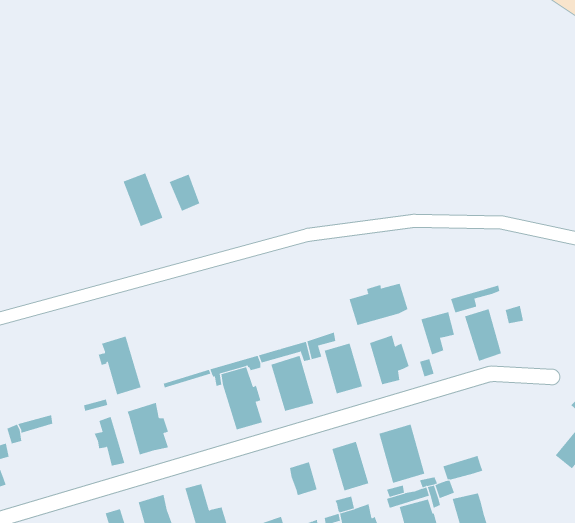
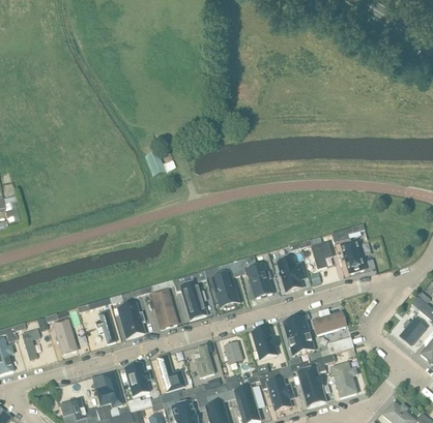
building: [123,173,163,227] -> none
building: [349,282,408,326] -> none
building: [98,336,142,395] -> [147,290,176,329]
building: none -> [312,309,345,335]
building: none -> [52,321,75,353]
building: none -> [193,344,214,377]

